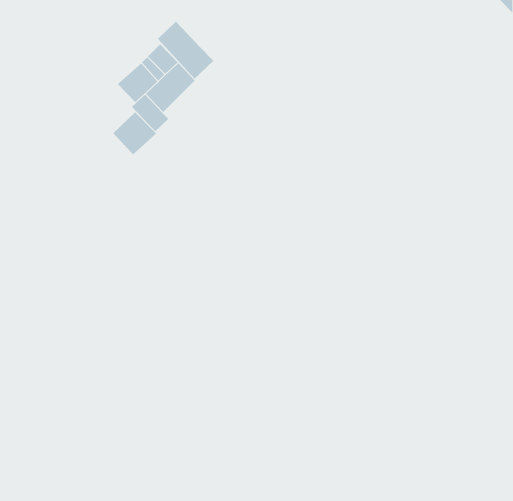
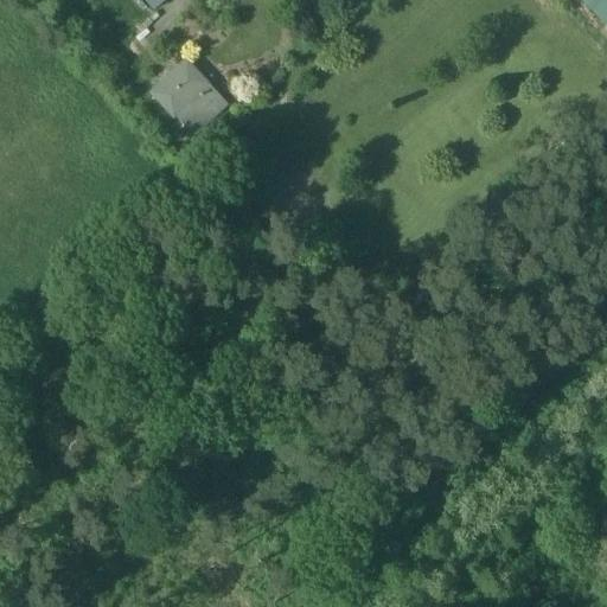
building: [157,21,214,80] -> none
building: [113,112,157,155] -> none

